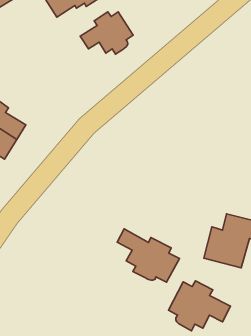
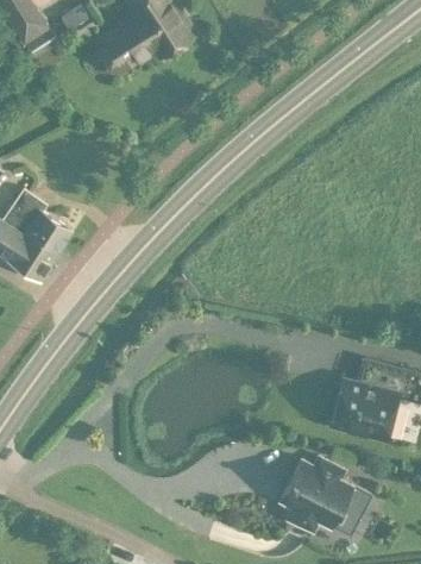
building: [80,12,133,54] -> none
building: [117,229,179,282] -> none

